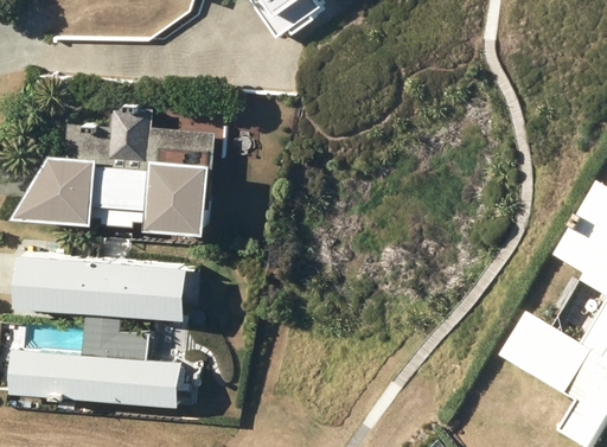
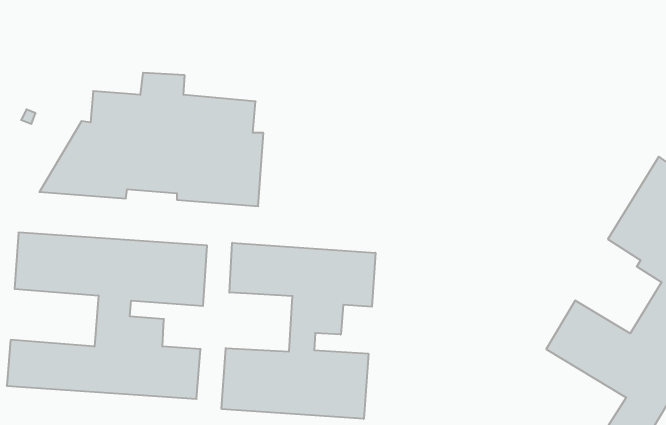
building: none -> [222,243,375,419]

